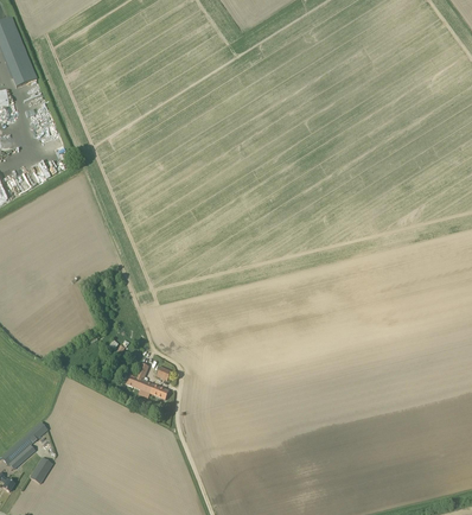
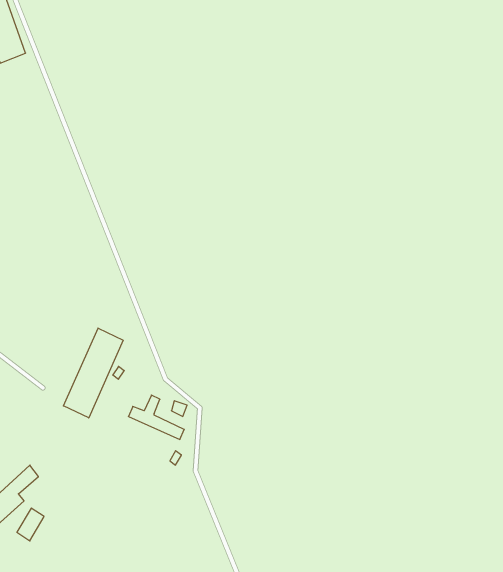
building: none -> [63,328,123,418]

